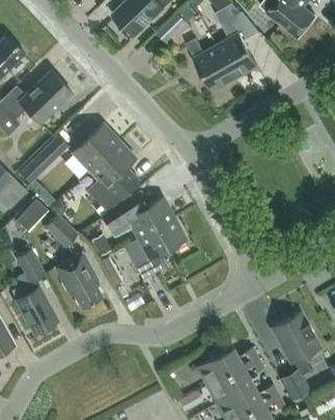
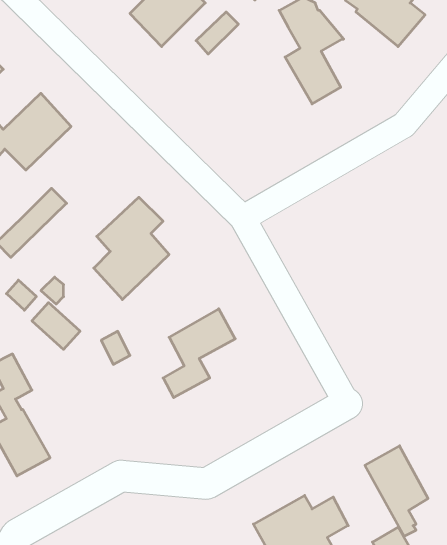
building: [187,39,238,91] -> none
building: [73,124,118,169] -> none
building: [103,191,173,239] -> none
building: [55,253,102,308] -> none

